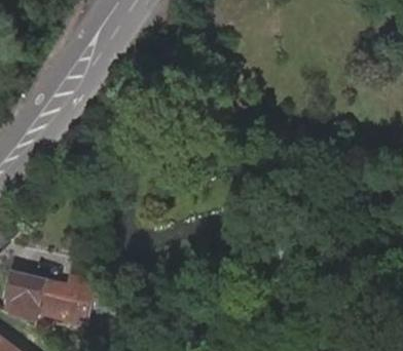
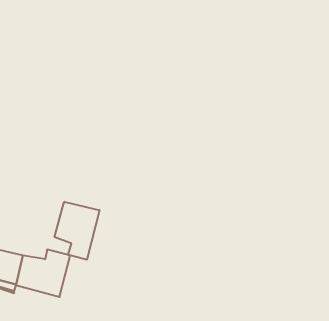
building: none -> [55,202,99,260]

